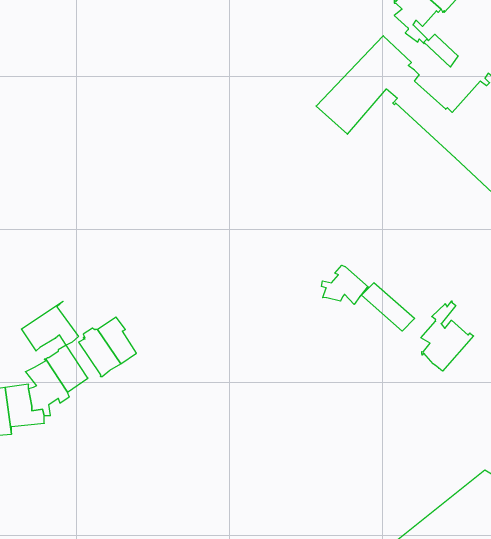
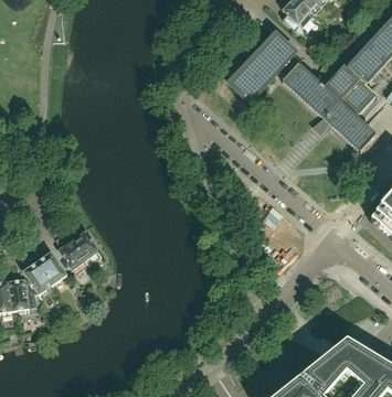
building: [321,265,368,304] -> none
building: [421,301,474,371] -> none
building: [21,301,78,351] -> none

